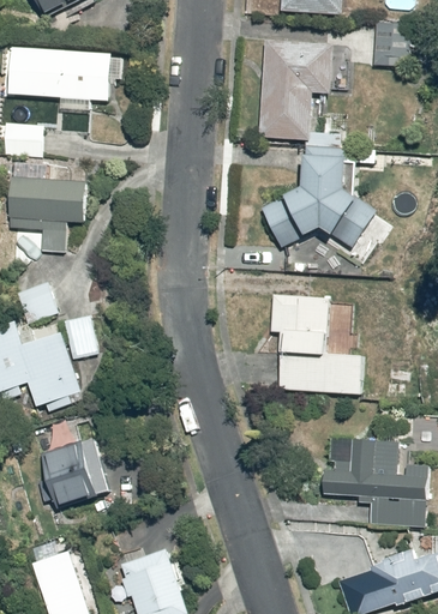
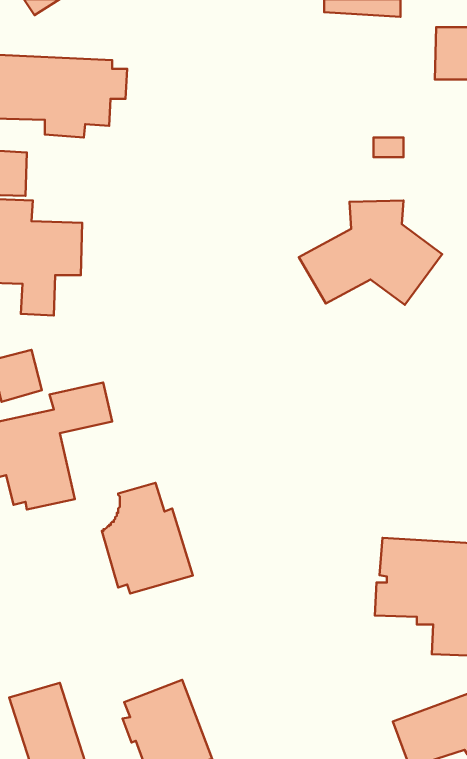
building: [259,26,366,139] -> none
building: [270,294,354,392] -> none
building: [38,416,112,505] -> [102,483,193,593]

